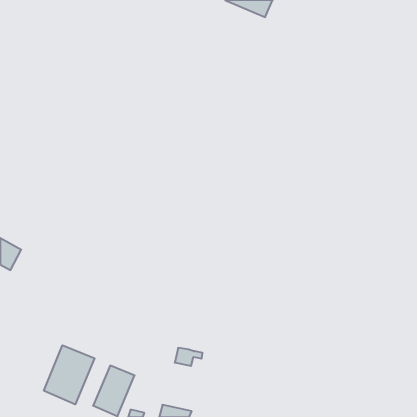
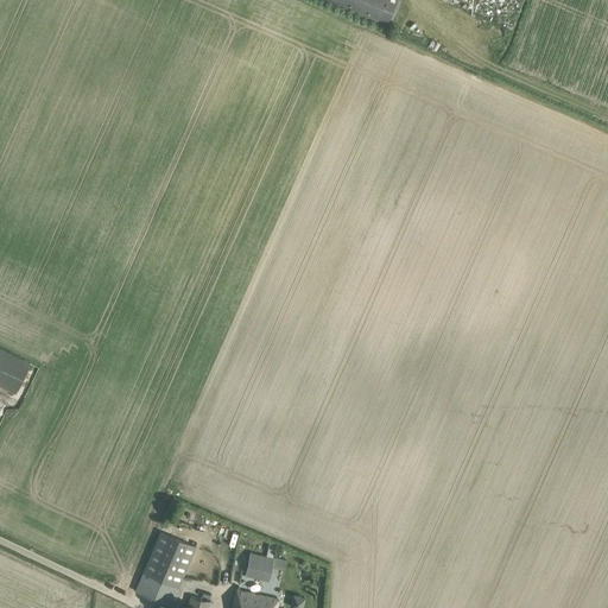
building: [44,345,95,404] -> none
building: [175,348,203,366] -> [245,553,285,580]

